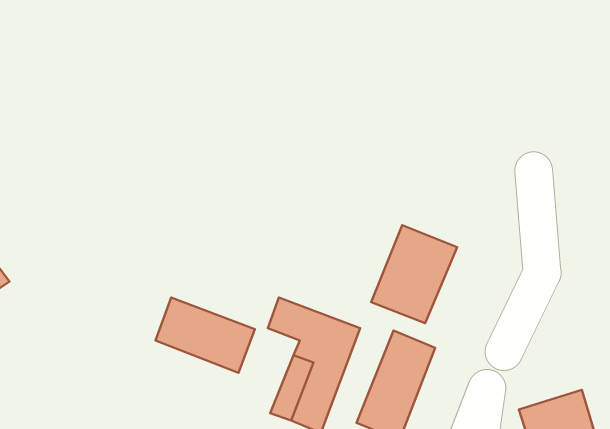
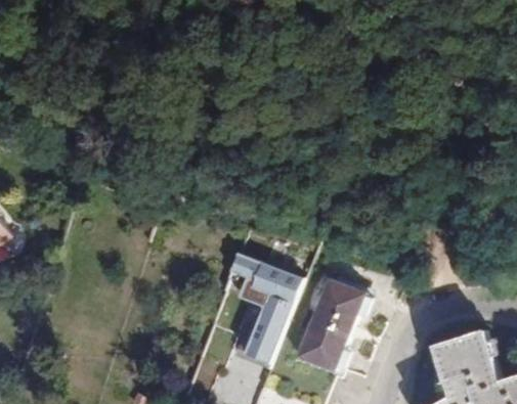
building: [371,225,457,323] -> none
building: [155,298,255,373] -> none

